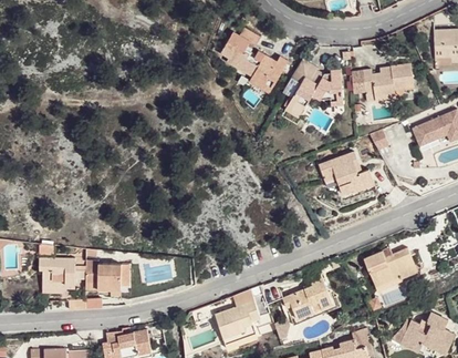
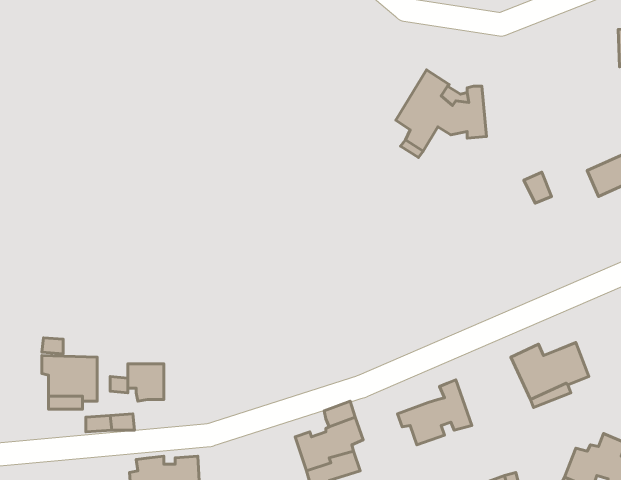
building: [222,30,289,94] -> none
building: [352,65,415,99] -> none
building: [320,154,375,194] -> none

